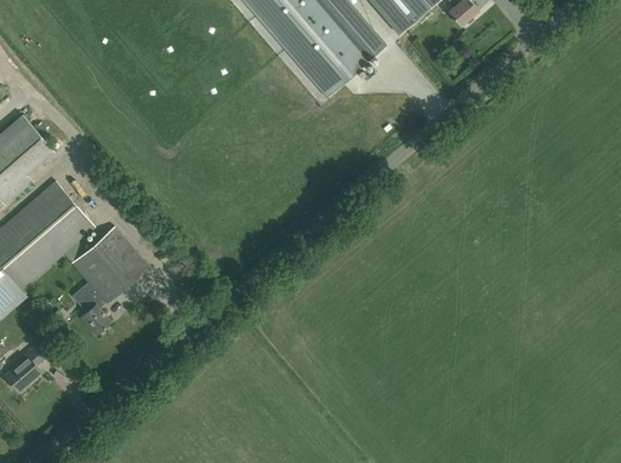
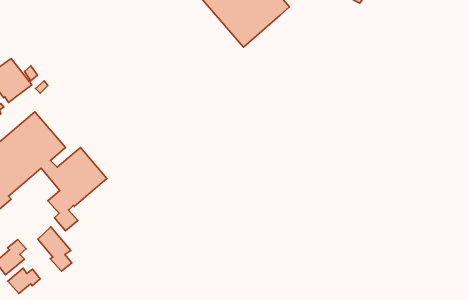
building: none -> [38,227,72,271]
building: none -> [8,268,40,294]

